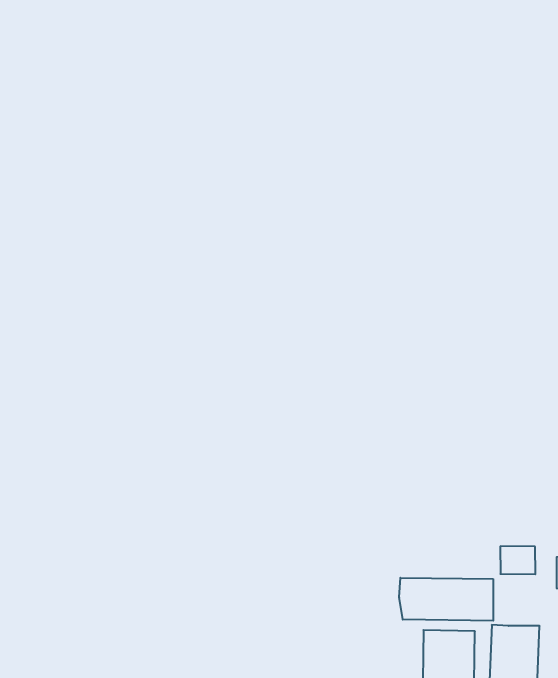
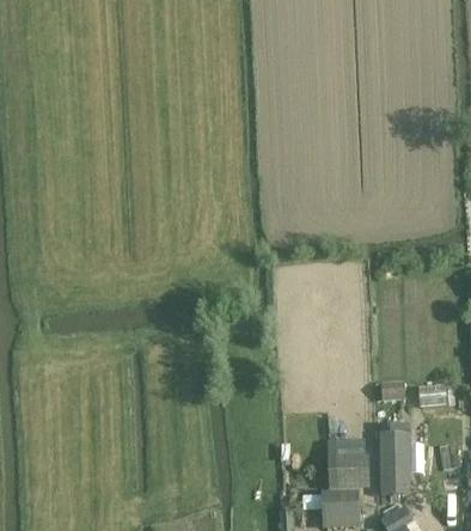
building: [399,578,493,621] -> none

